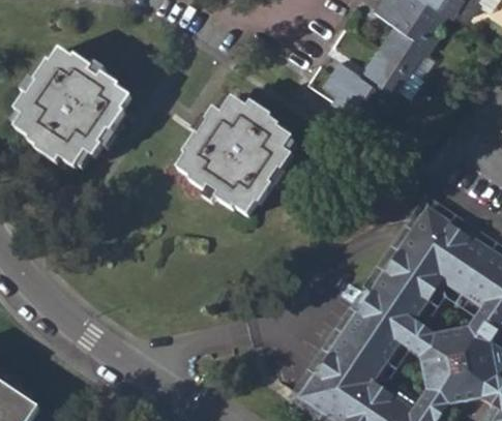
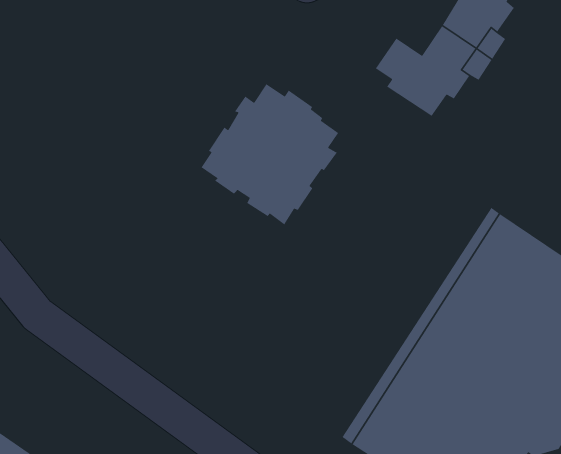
building: [17,52,130,170] -> none

